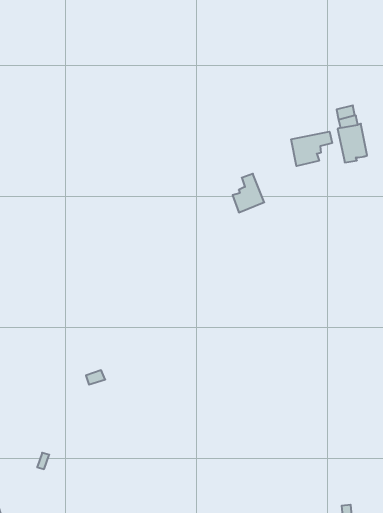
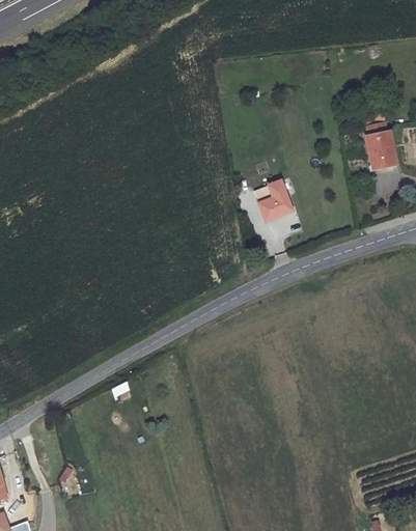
building: [291,132,332,166] -> none

